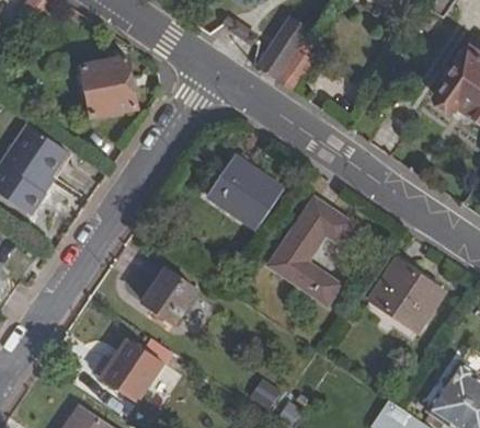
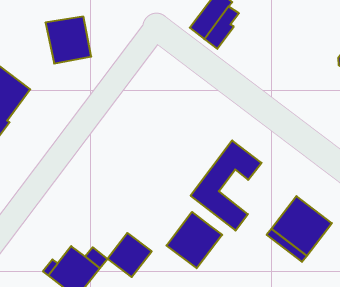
building: [206,154,283,230] -> none
building: [140,269,194,323] -> [107,233,152,277]
building: none -> [166,212,222,268]

